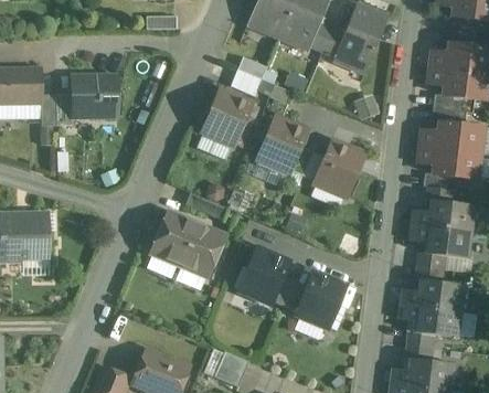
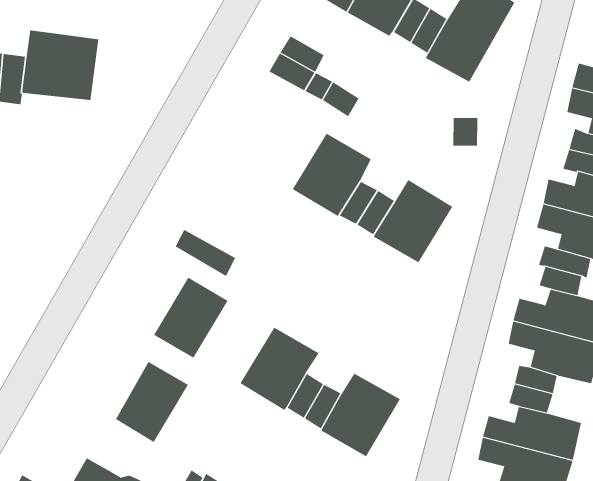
building: [201,91,251,145] -> none
building: [150,212,195,265] -> [115,361,189,443]

